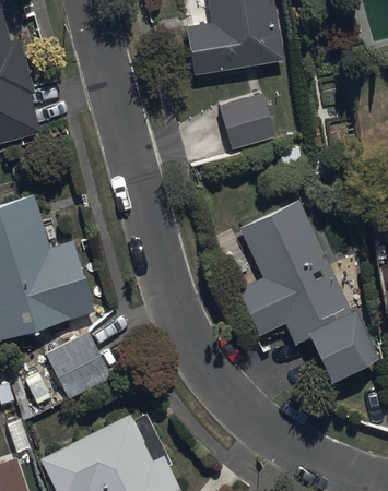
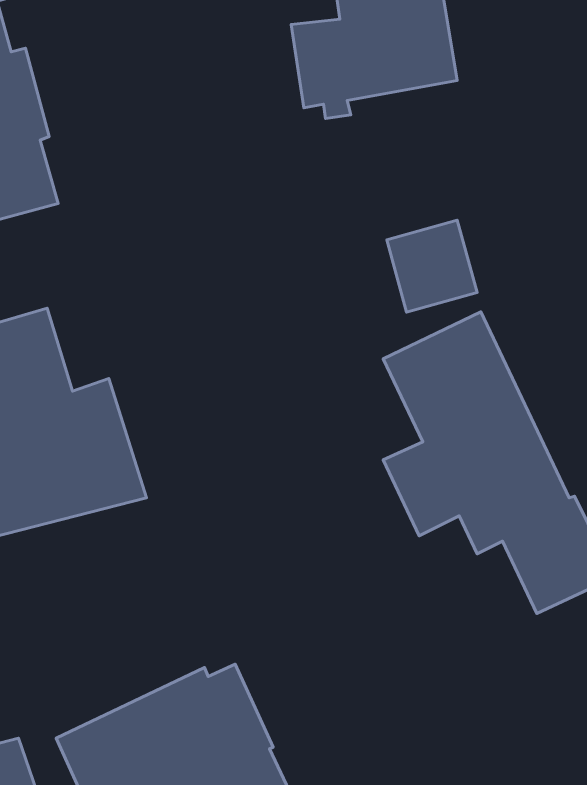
building: [219,94,273,149] -> [387,220,477,312]
building: [34,333,110,403] -> none

